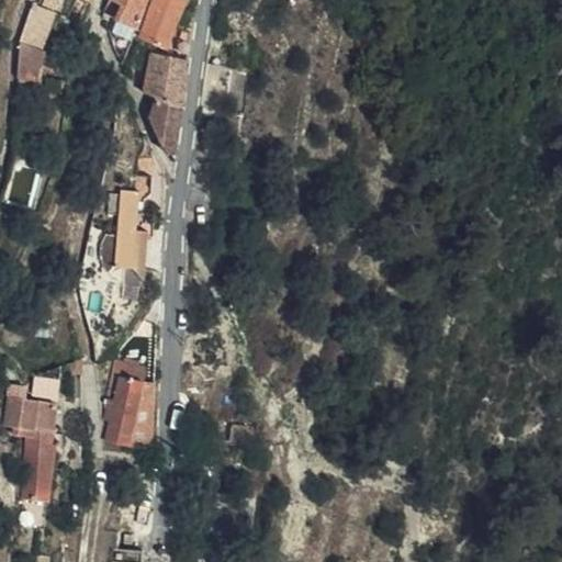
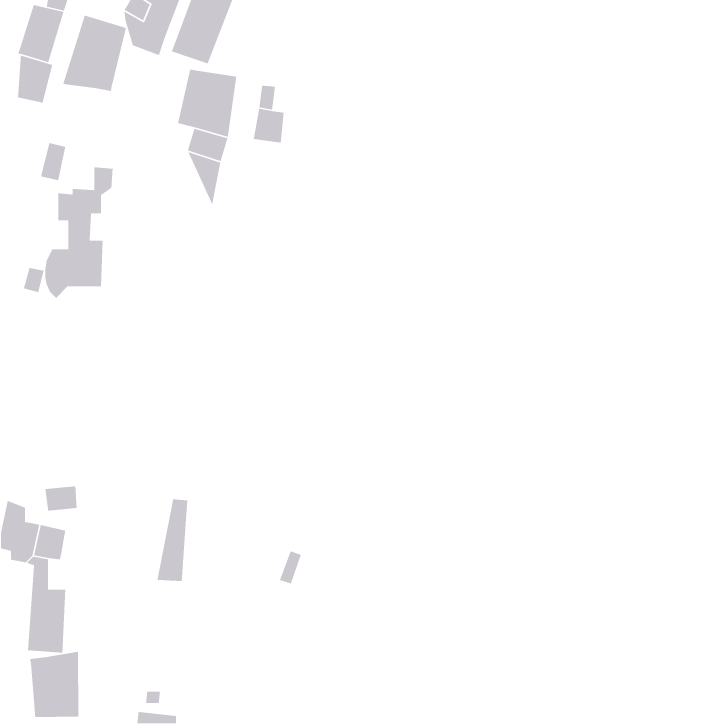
building: none -> [62,15,127,92]
building: [95,176,148,277] -> [45,167,113,299]
building: [100,362,142,443] -> none
building: none -> [29,651,79,718]

